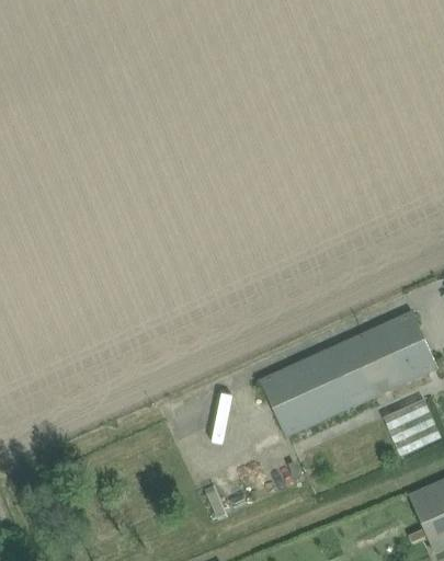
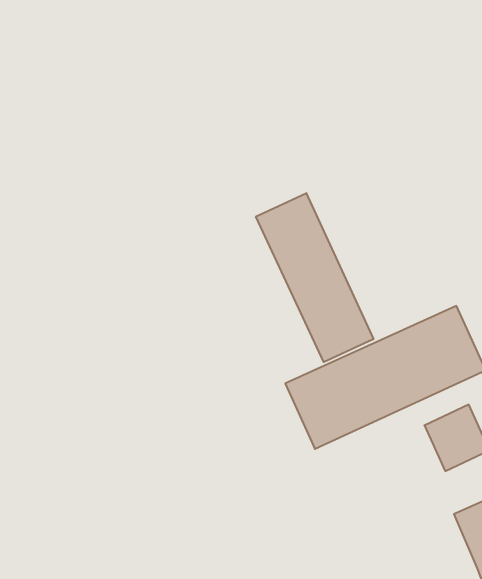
building: none -> [256,193,373,362]

